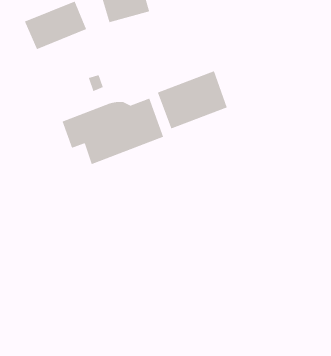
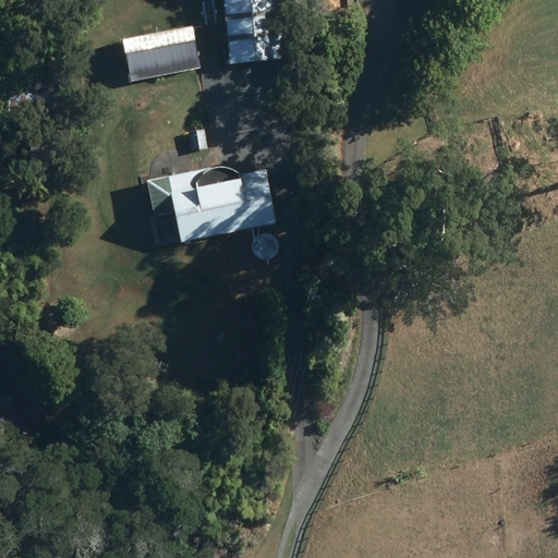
building: [157,70,228,129] -> none

